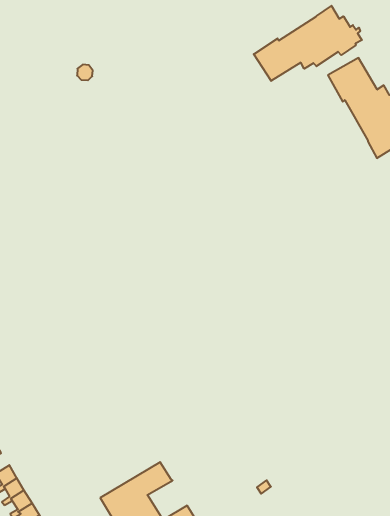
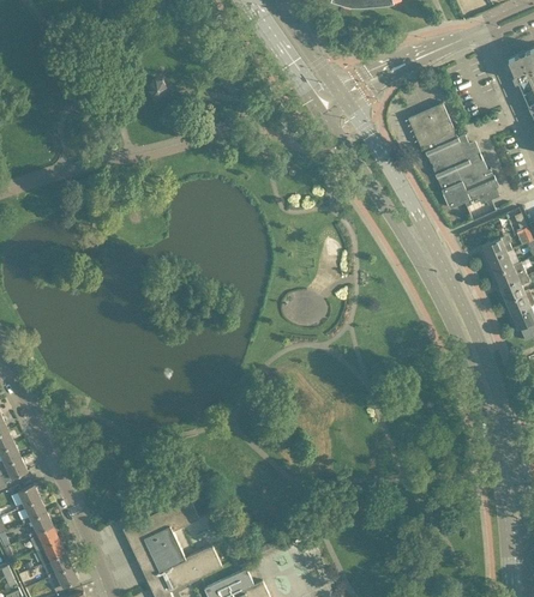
building: [254,6,362,81] -> none

